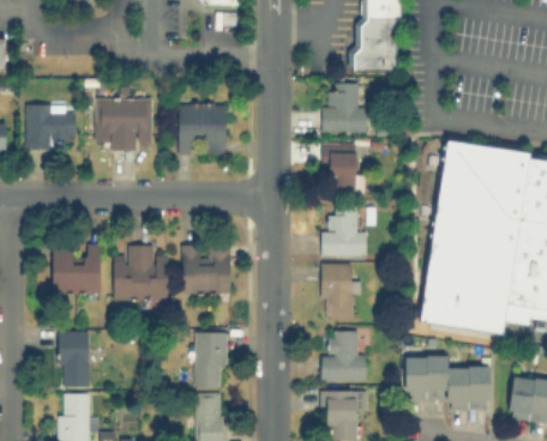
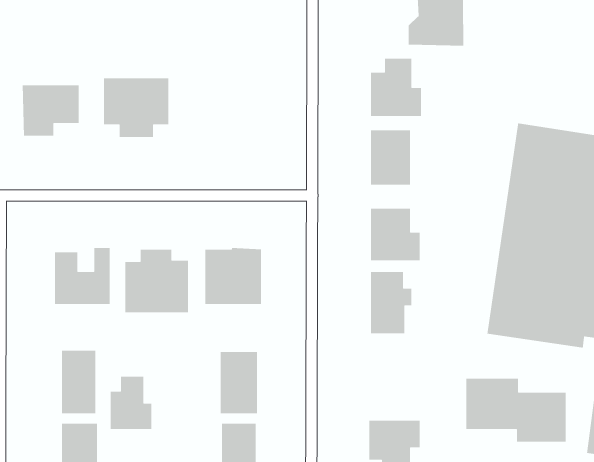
building: [176,105,223,156] -> none
building: [320,332,361,381] -> none
building: none -> [110,376,152,430]

